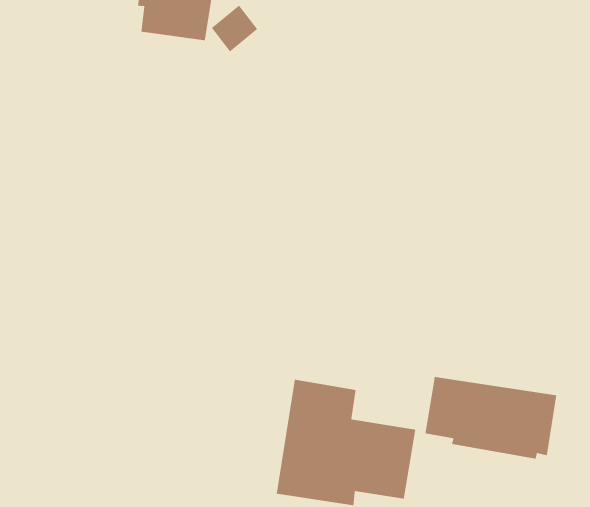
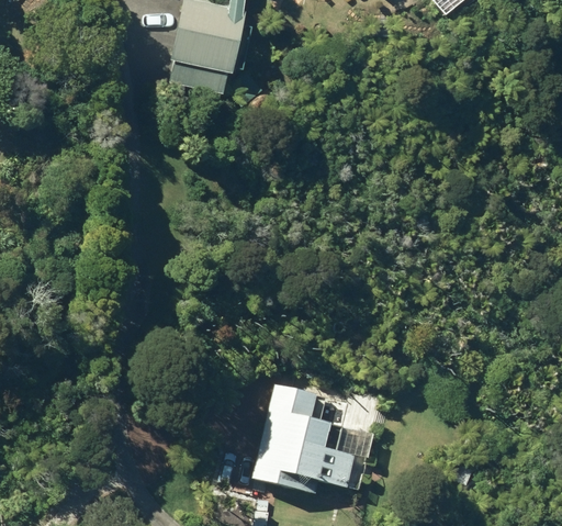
building: [425,376,557,460] -> none

